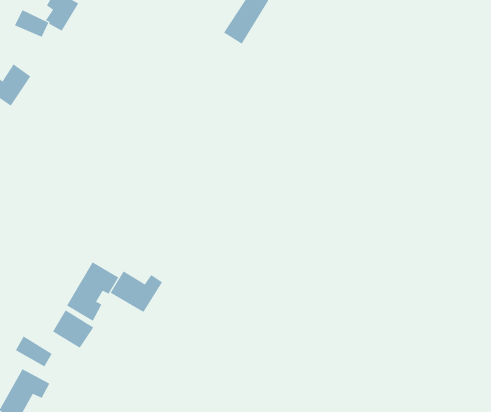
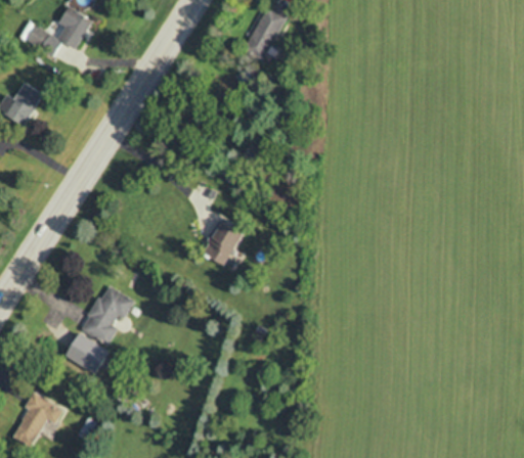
building: none -> [203,221,244,266]
building: [110,271,163,313] -> none
building: [15,336,53,367] -> none

